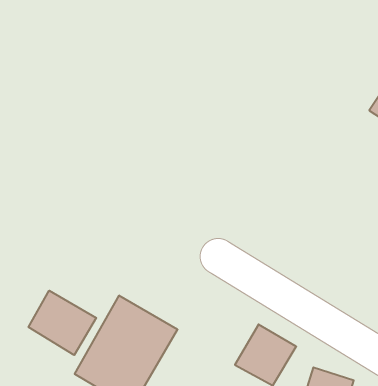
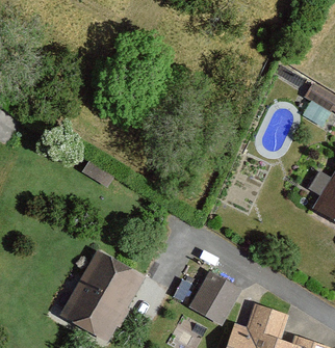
building: [29,291,96,355] -> none

